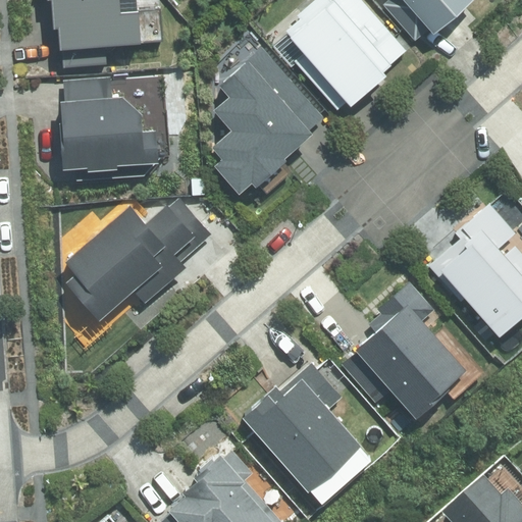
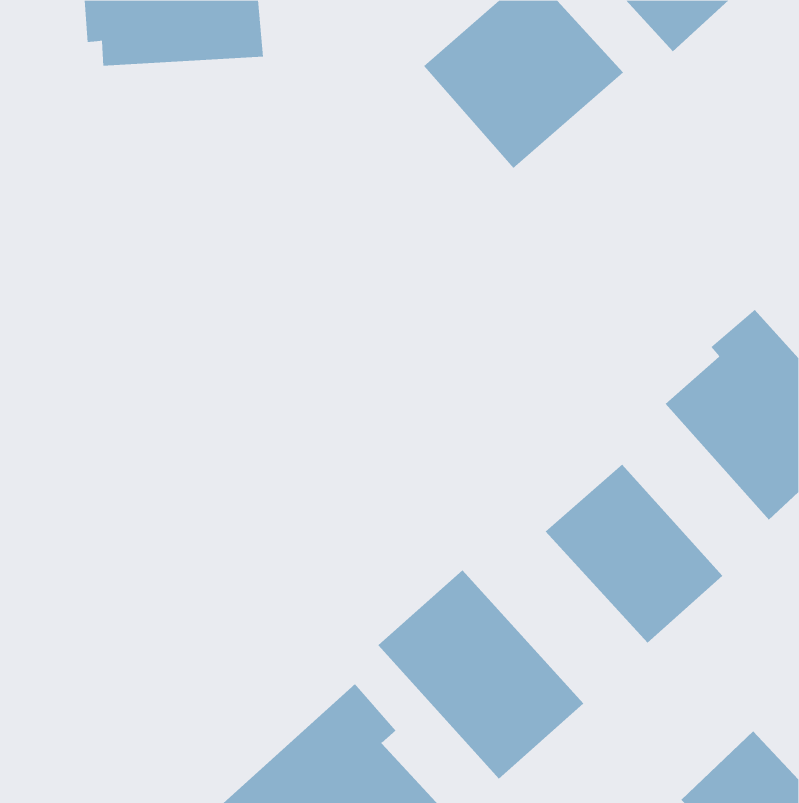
building: [208,46,320,197] -> none
building: [54,75,170,169] -> none
building: [66,194,211,317] -> none

